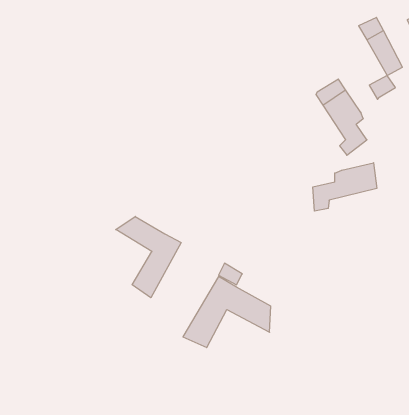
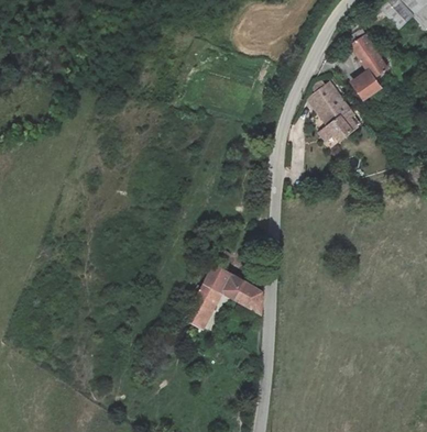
building: [313,163,377,211] -> none
building: [116,216,181,298] -> none

